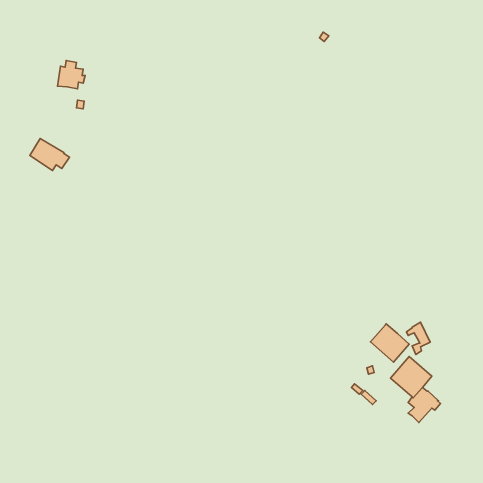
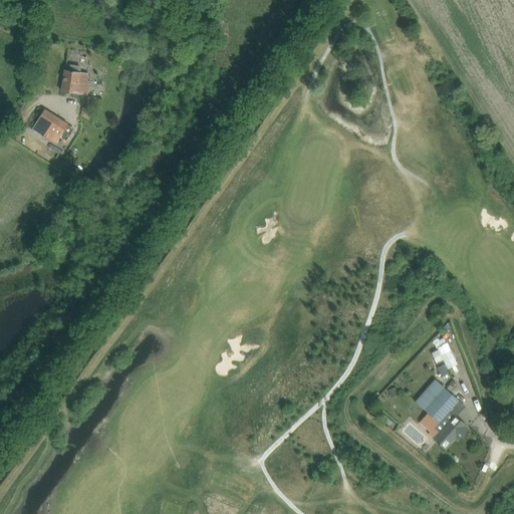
building: [30,138,69,171] -> [32,110,74,145]
building: [371,324,409,362] -> none

